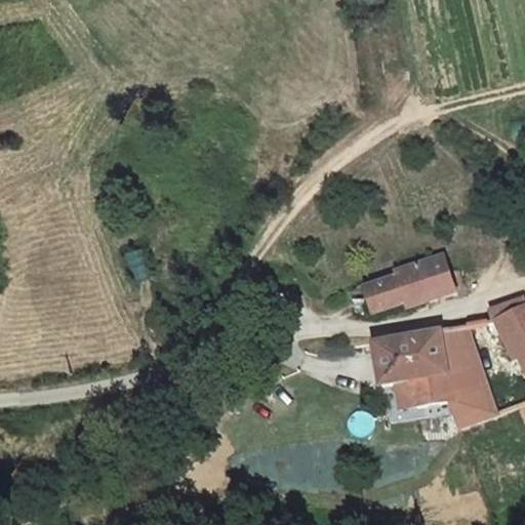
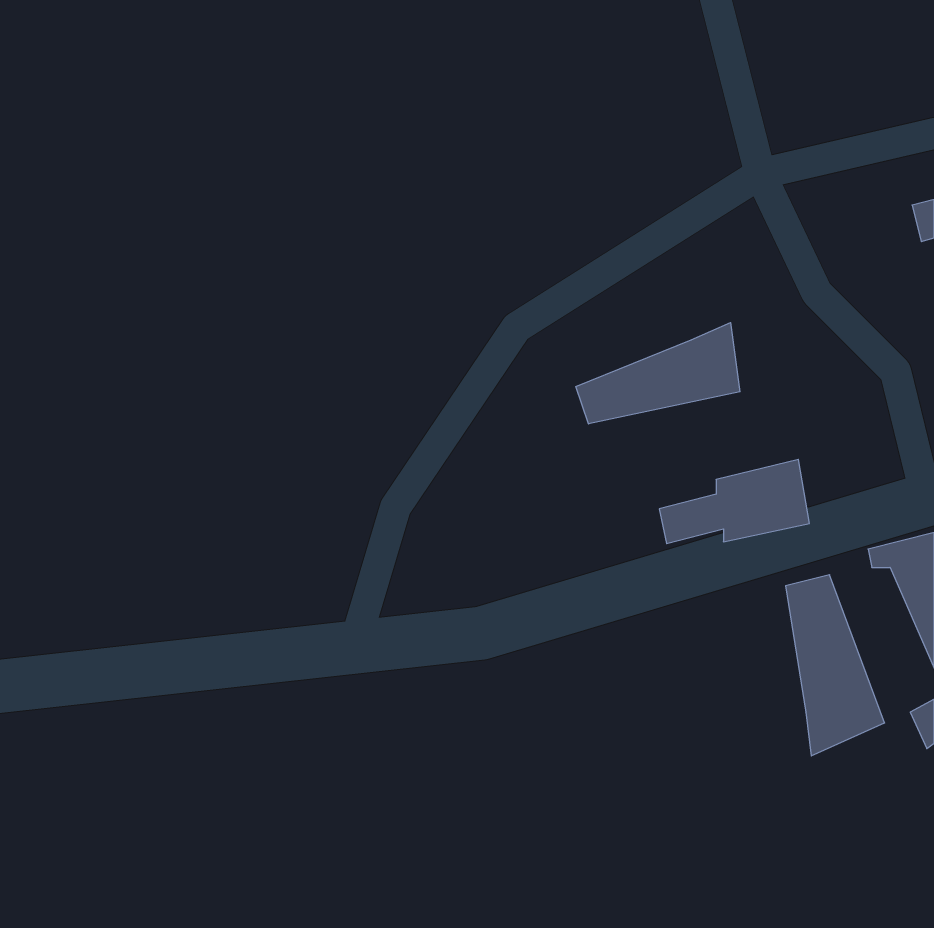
building: none -> [576,323,740,424]
building: [368,328,451,407] -> none

